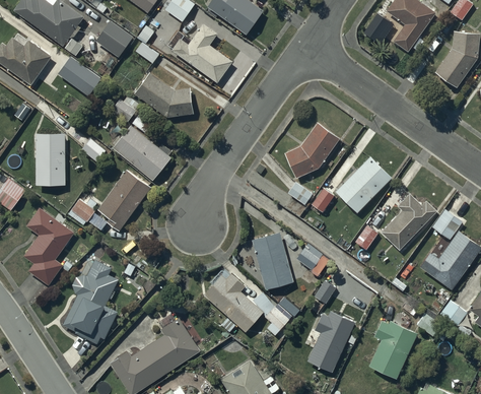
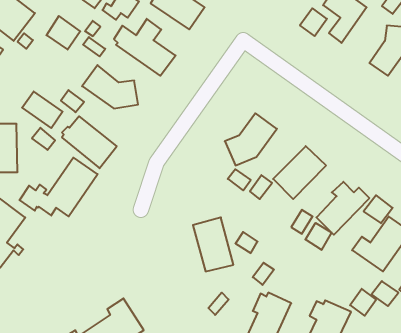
building: [59,55,101,93] -> [22,91,63,128]
building: none -> [305,223,331,250]
building: [64,260,120,344] -> none
building: [204,269,264,332] -> none

